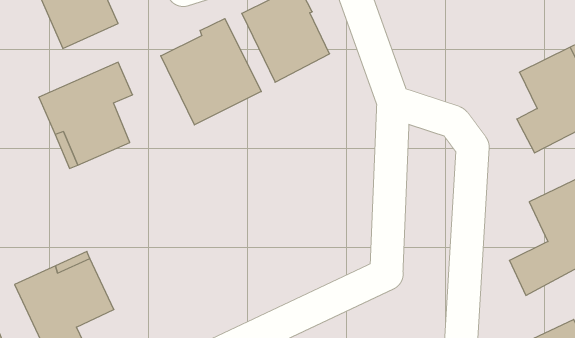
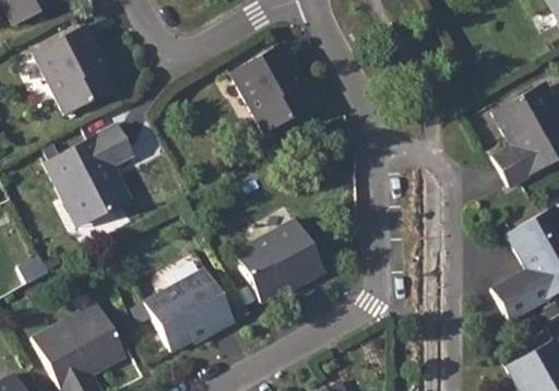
building: [161,19,261,125] -> none
building: none -> [234,220,323,301]
building: none -> [145,269,235,351]

